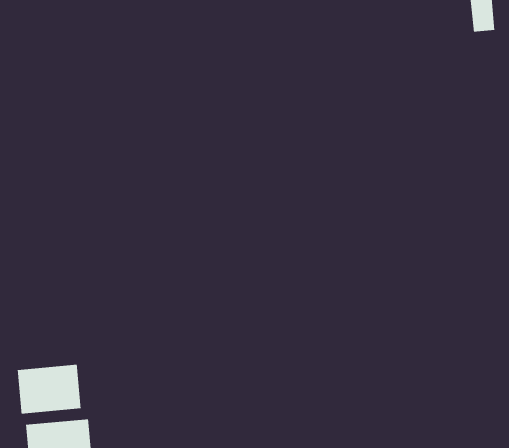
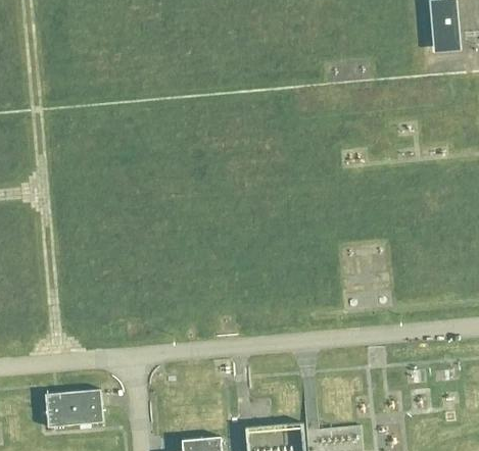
building: [17,364,81,414] -> none

